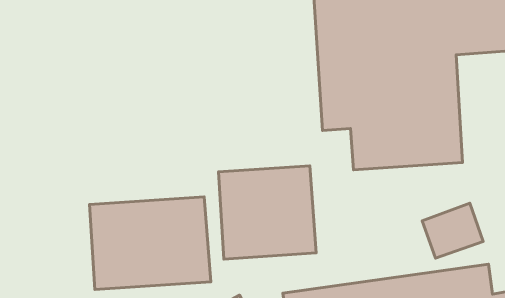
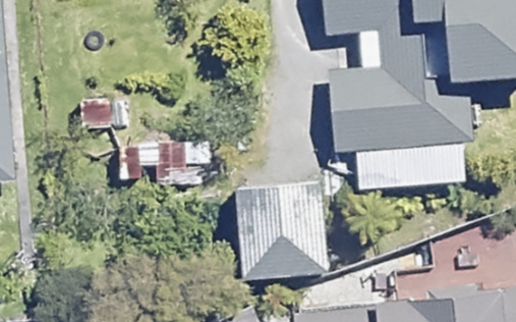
building: [89,197,211,290] -> none

